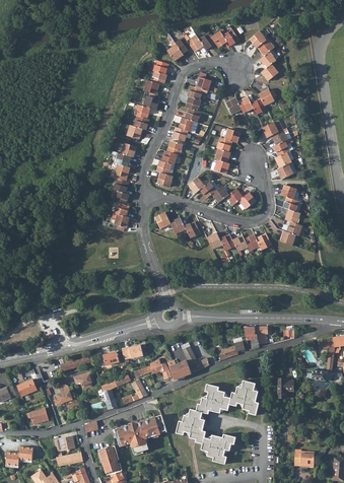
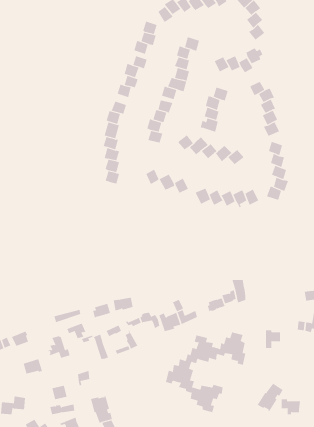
building: [115,415,166,454] -> none
building: none -> [257,383,284,412]

